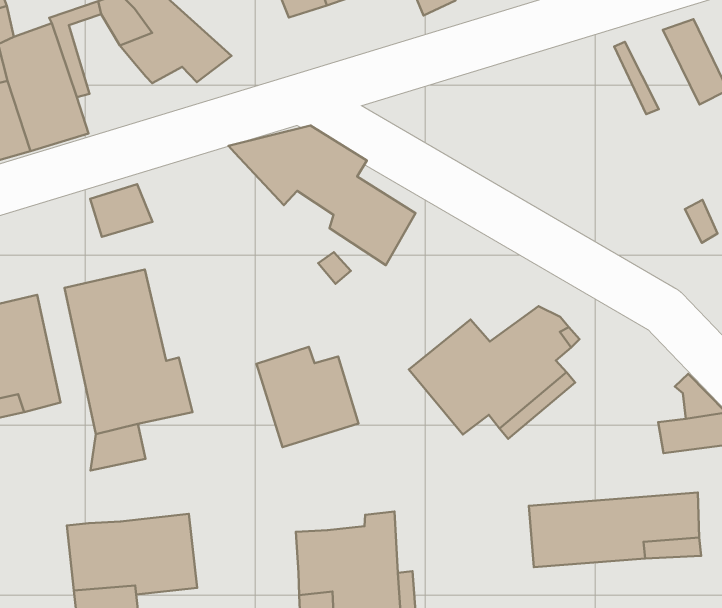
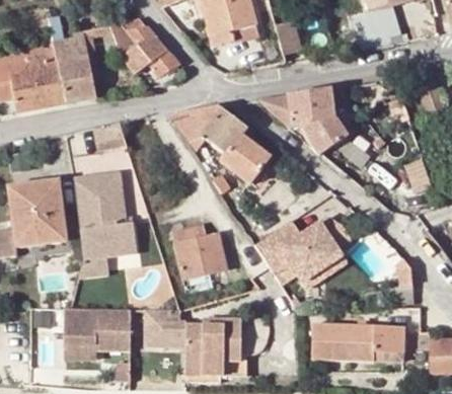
building: none -> [262,88,347,153]
building: none -> [143,308,184,346]

